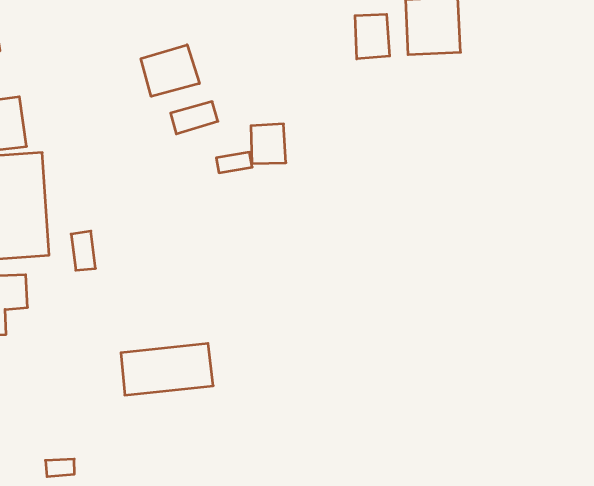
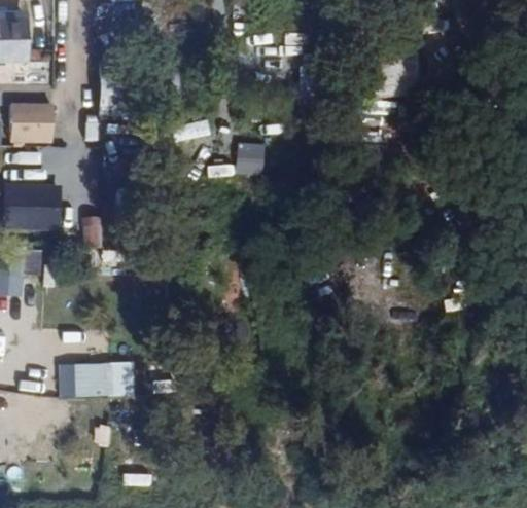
building: [355,14,390,59] -> none
building: [141,45,199,96] -> none
building: [121,343,213,395] -> [59,362,132,398]

